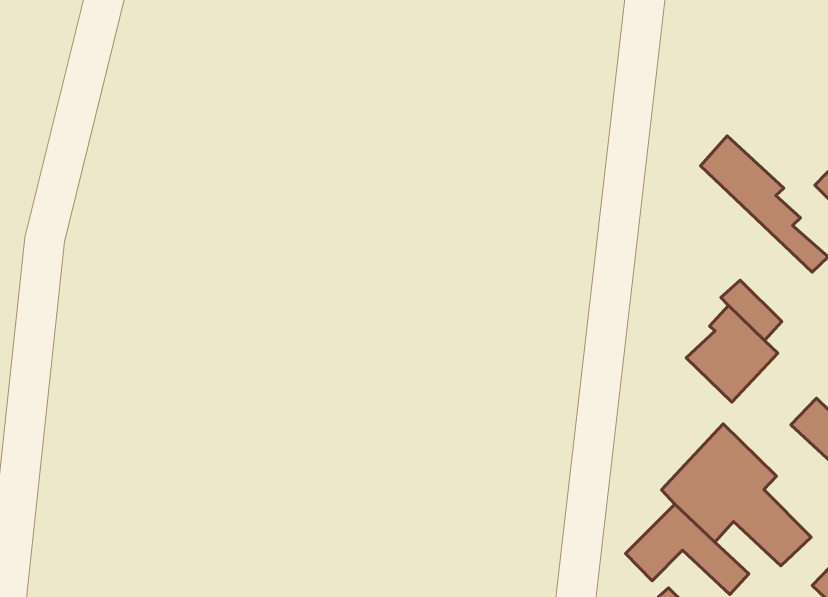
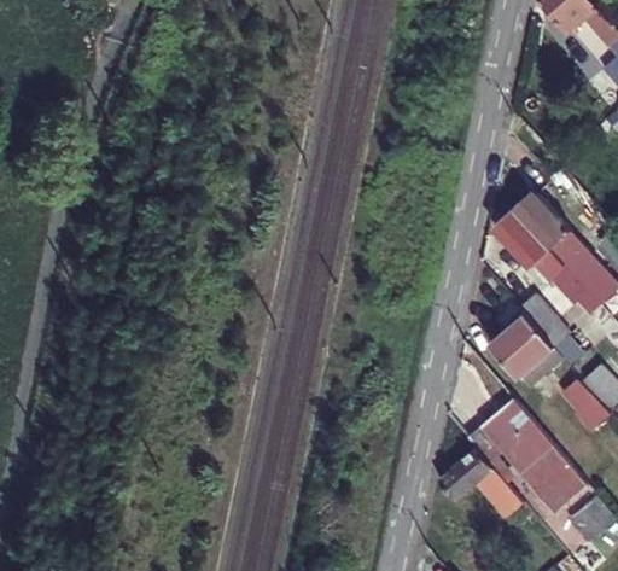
building: none -> [491,215,585,307]

